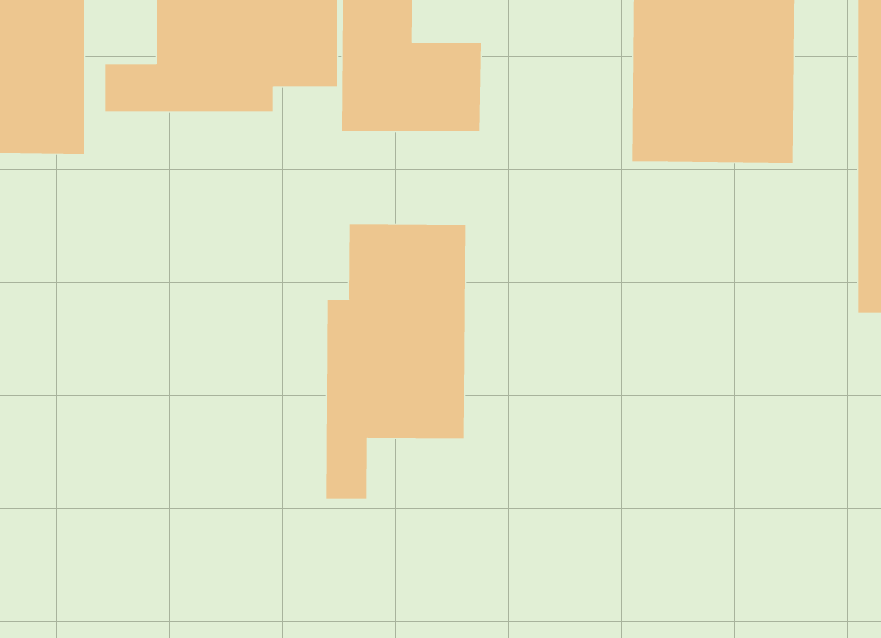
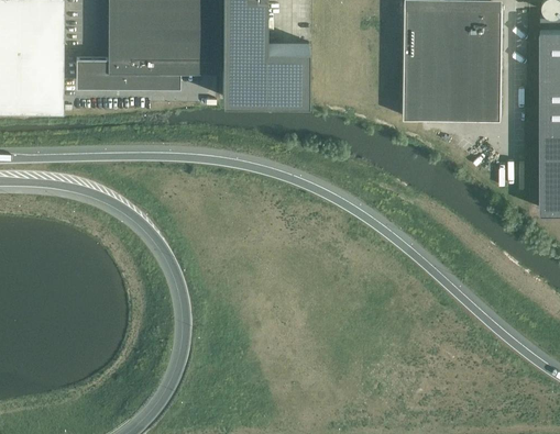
building: [326,224,466,499] -> none

